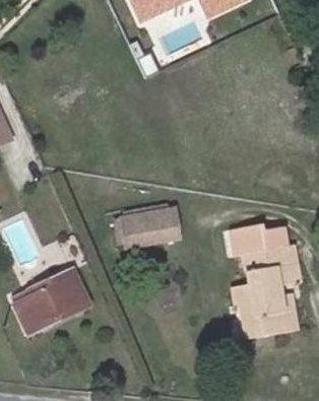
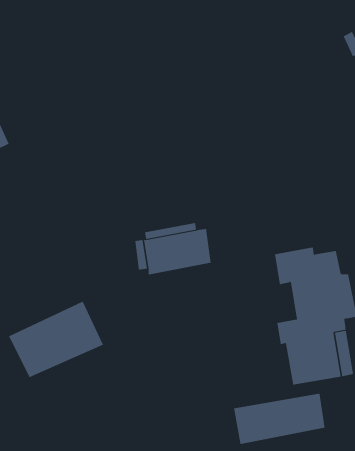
building: none -> [233,393,325,445]

